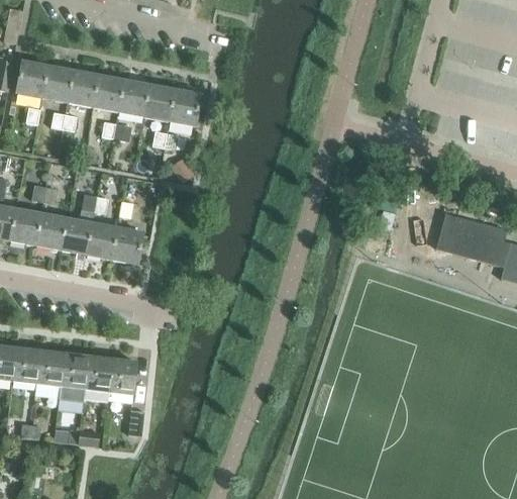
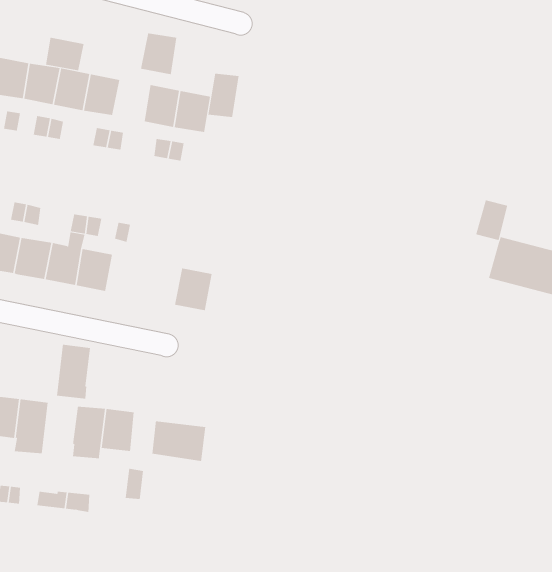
building: none -> [46,37,84,71]
building: none -> [208,73,239,118]
building: [118,80,149,115] -> [140,33,177,75]
building: none -> [475,200,508,241]
building: [112,227,144,264] -> [174,268,213,311]
building: [59,353,88,399] -> [56,344,91,399]
building: none -> [152,420,206,462]

